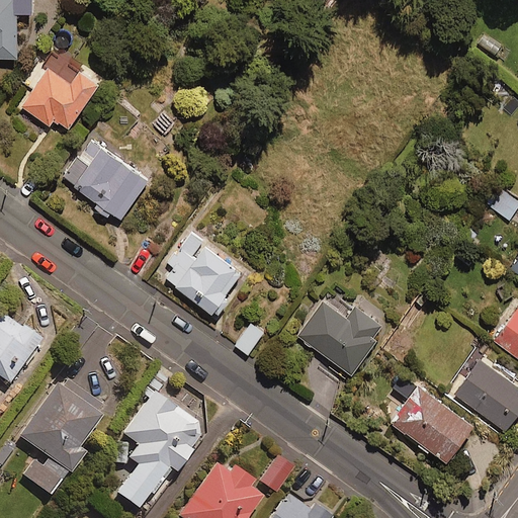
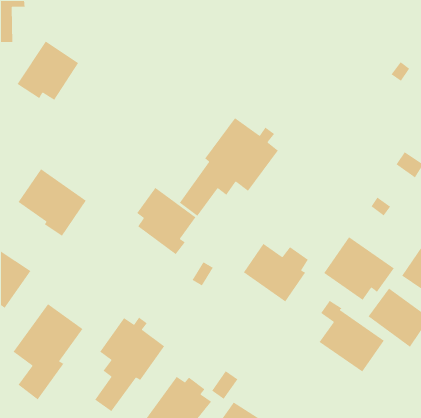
building: [63,139,148,223] -> [18,168,87,237]
building: none -> [179,117,279,217]
building: none -> [323,236,395,301]

